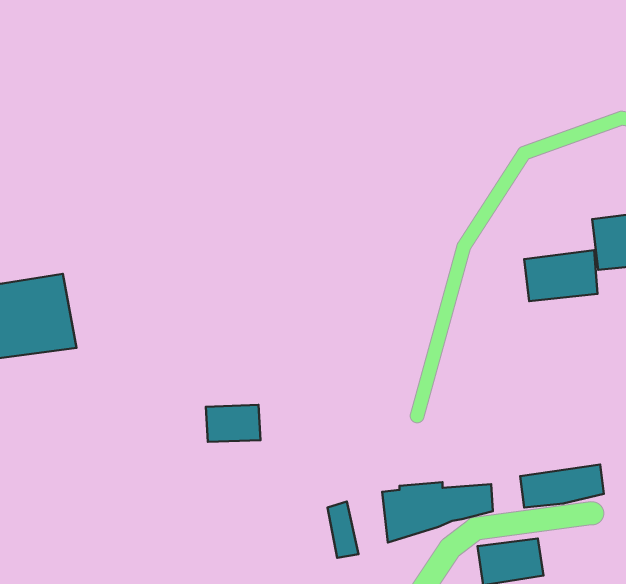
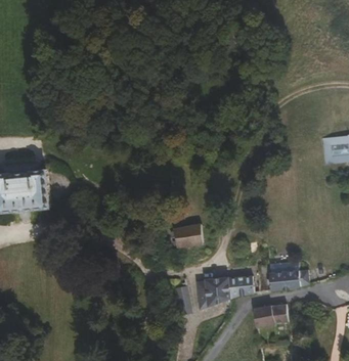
building: [524,250,598,301] -> none
building: [206,405,260,442] -> [169,225,198,244]

